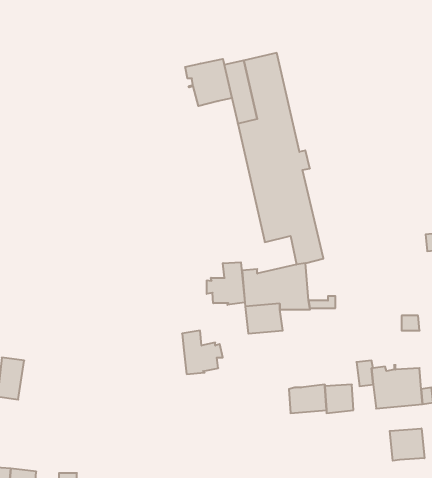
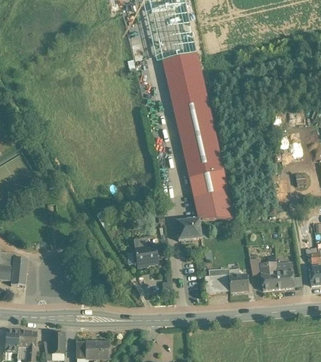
building: [185,59,232,106] -> none
building: [207,262,245,305] -> none
building: [390,428,424,461] -> none

